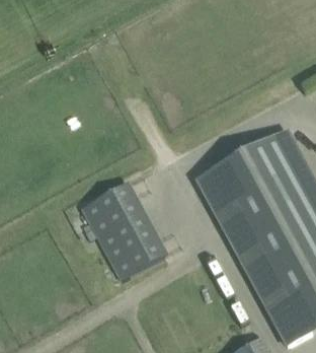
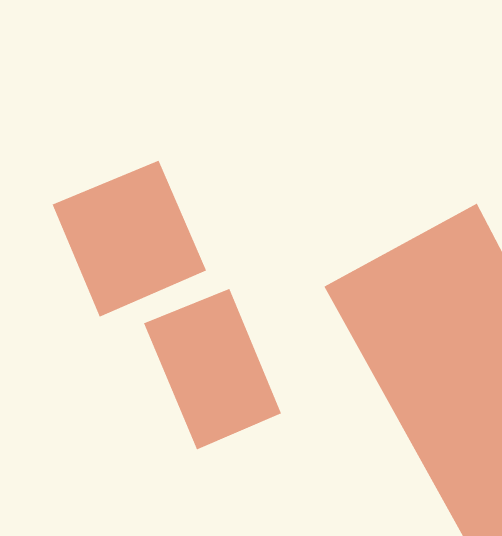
building: none -> [52,160,207,317]

